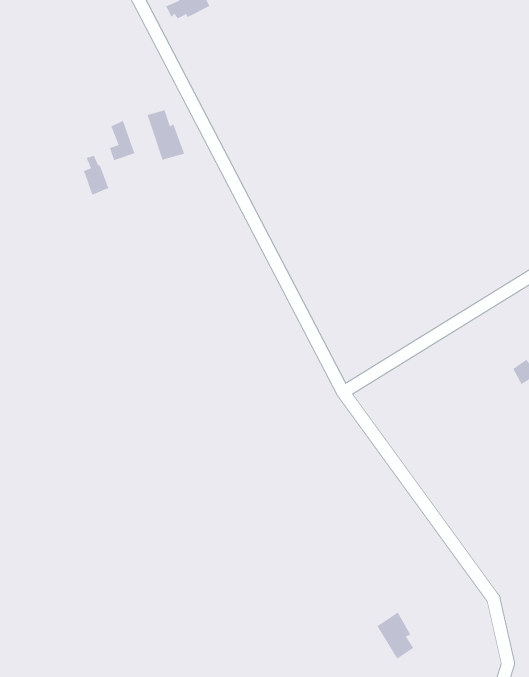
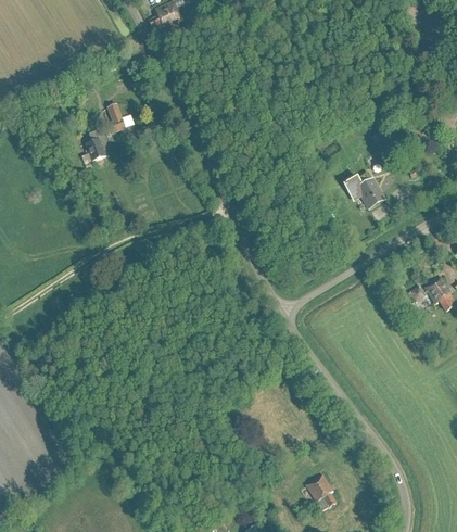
building: [147,109,185,160] -> none
building: none -> [341,170,383,207]

